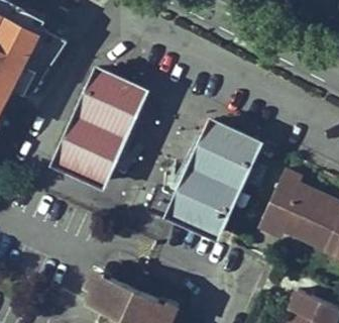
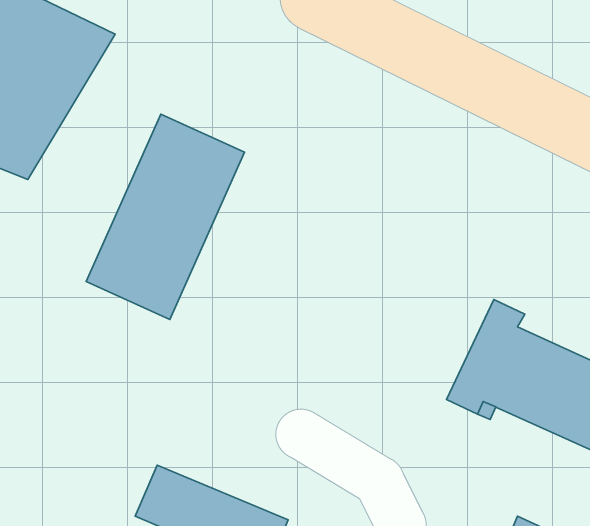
building: [170,122,258,236] -> none

